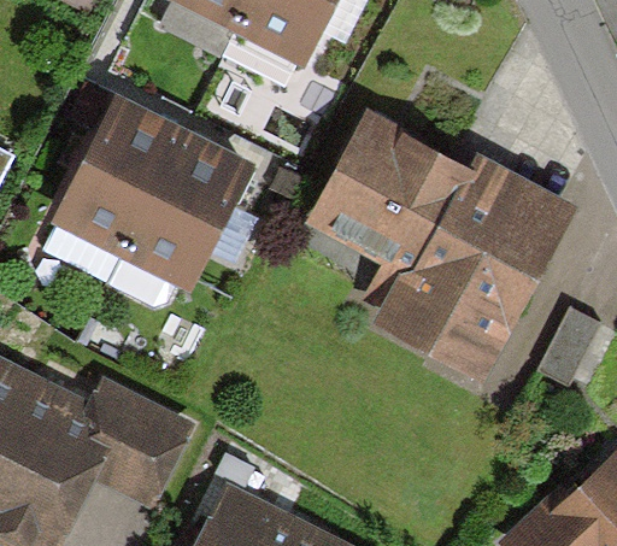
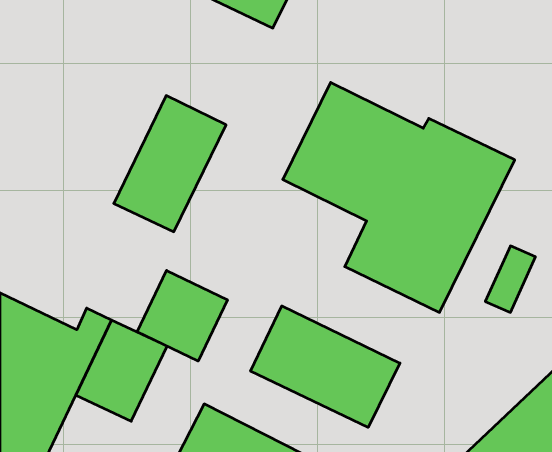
building: [55,107,184,260] -> none
building: none -> [137,270,227,361]
building: none -> [251,306,400,427]

